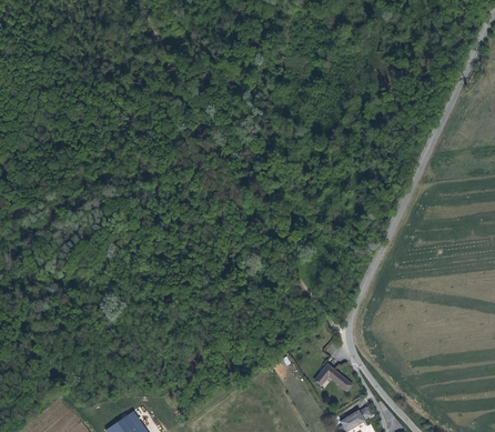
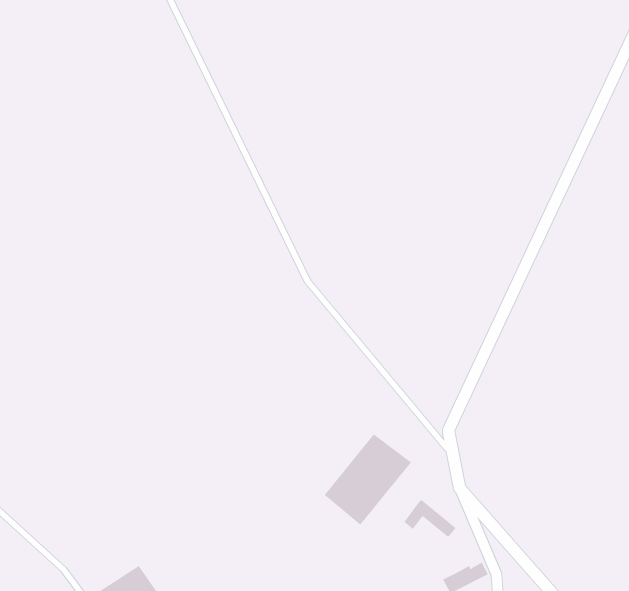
building: none -> [324,433,412,525]

